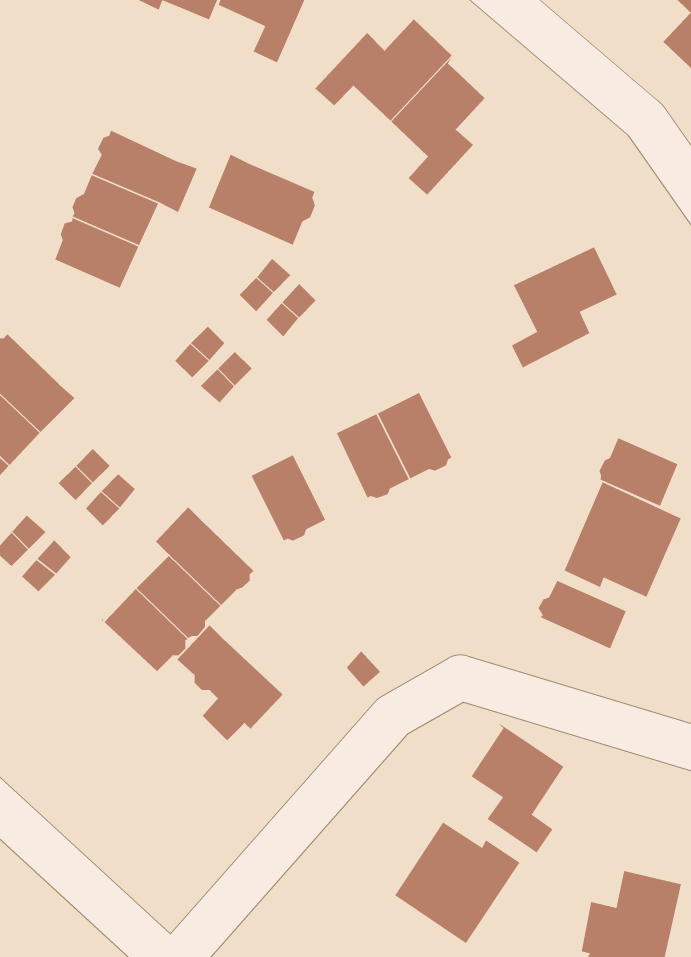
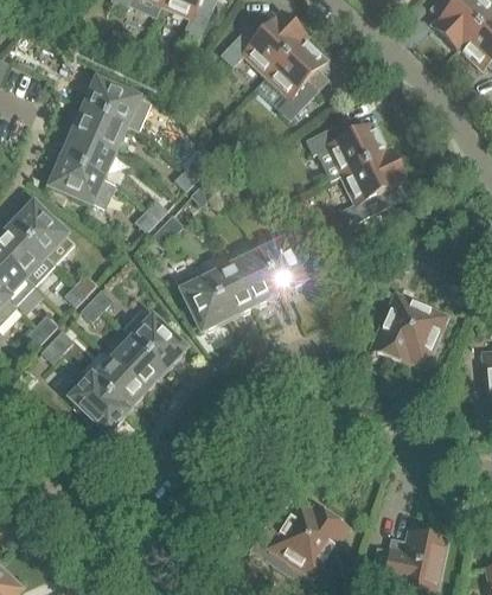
building: [208,154,316,246] -> none
building: none -> [305,121,391,174]
building: none -> [50,159,102,204]
building: none -> [207,264,253,318]
building: [598,437,678,507] -> none
building: [537,580,627,649] -> none
building: [177,625,283,741] -> [62,370,127,441]
building: [471,722,565,854] -> none

